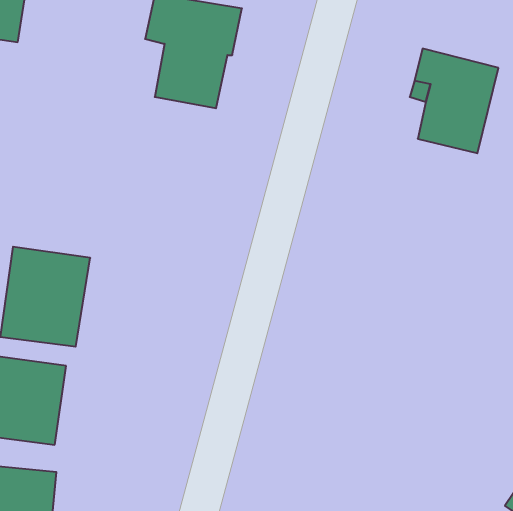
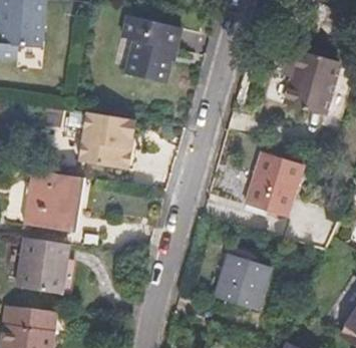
building: none -> [80,111,134,169]
building: none -> [244,150,303,217]
building: none -> [212,253,268,310]

